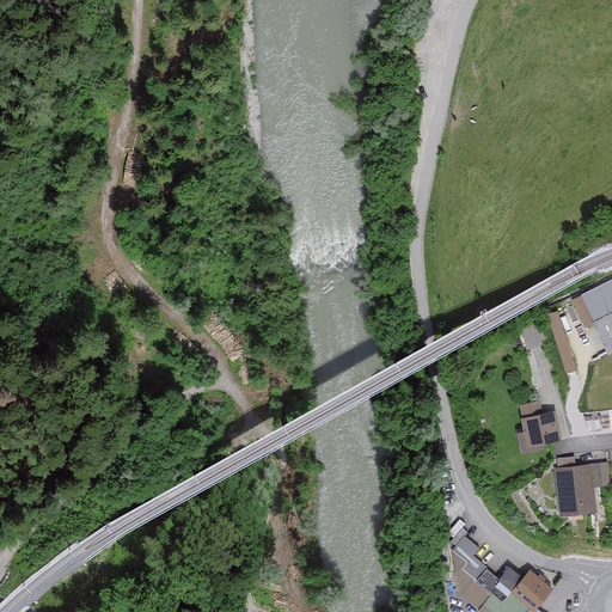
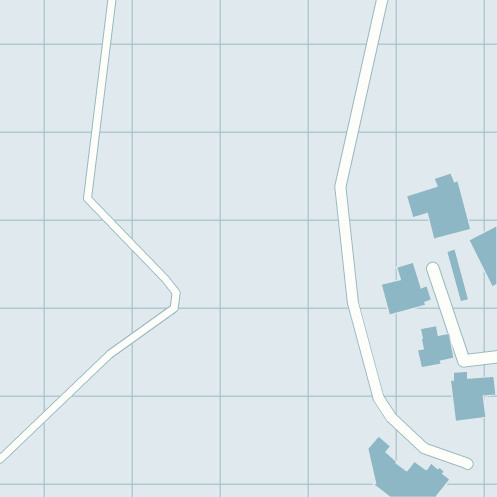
building: none -> [406,173,471,239]
building: none -> [381,262,431,315]

